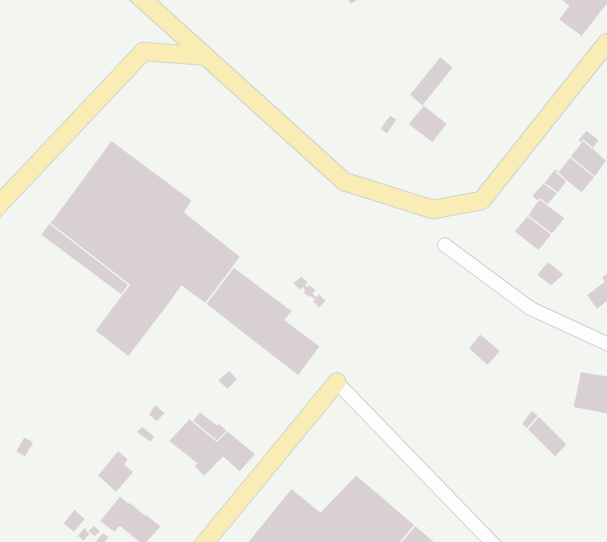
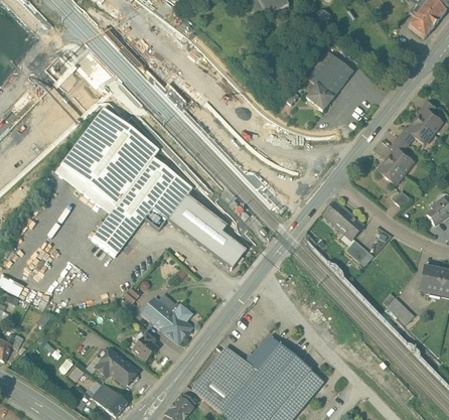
building: none -> [316,58,352,97]
building: none -> [323,198,364,238]
building: [97,450,134,493] -> [133,333,158,363]

